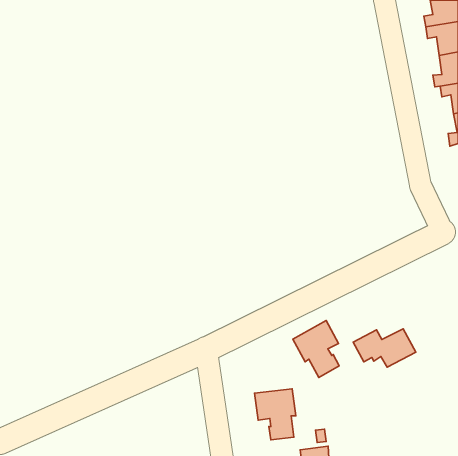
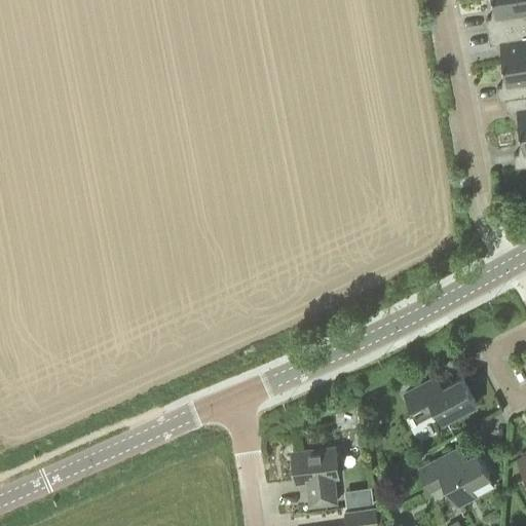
building: [293,321,339,377] -> none
building: none -> [419,452,494,506]

